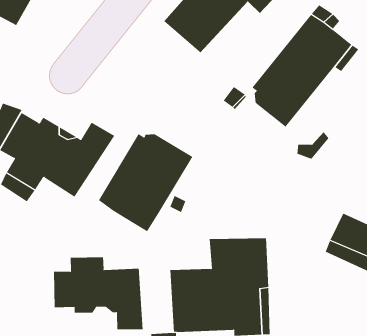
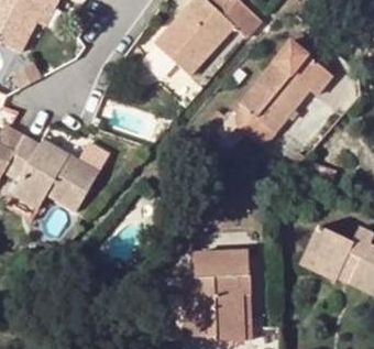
building: [98,133,193,232] -> none
building: [54,257,143,330] -> none

